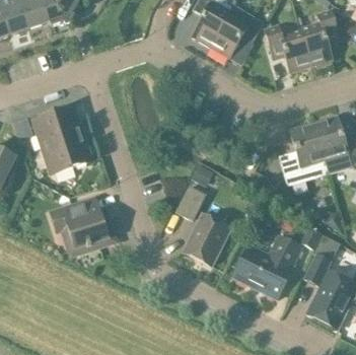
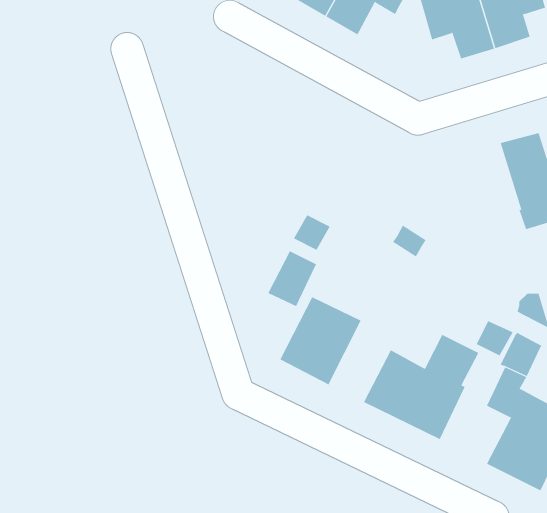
building: [33,106,90,172] -> none
building: [278,122,329,186] -> none
building: [50,197,116,252] -> none

